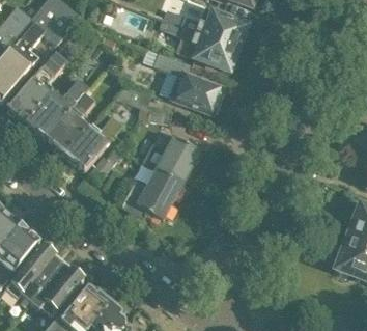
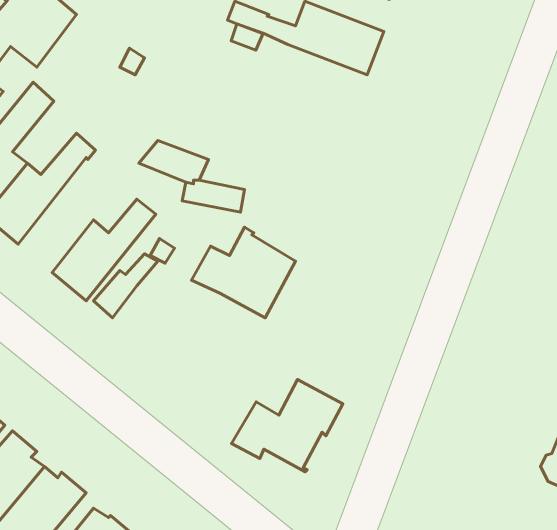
building: [185,31,237,72] -> none
building: [152,52,221,113] -> none
building: [46,93,93,157] -> none
building: [120,168,181,219] -> [232,379,343,472]

